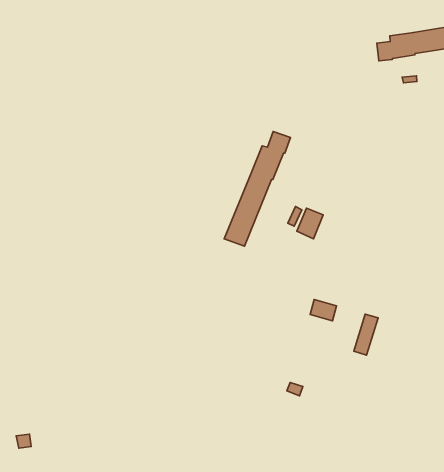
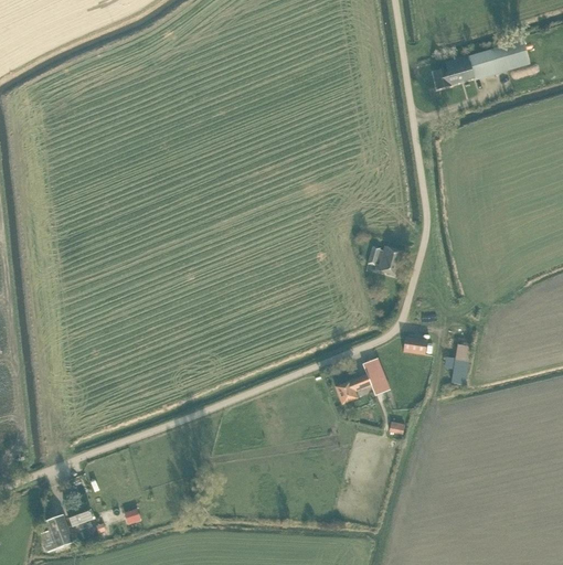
building: [224,132,290,246] -> none
building: none -> [334,359,390,404]

